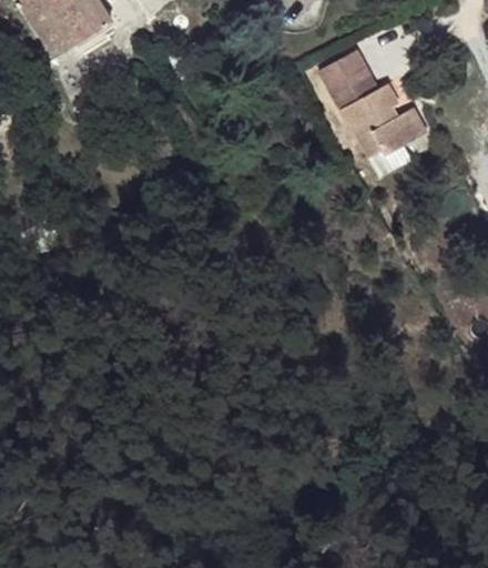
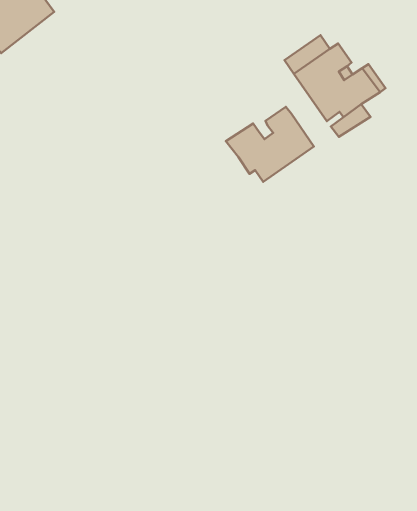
building: [318,48,369,93] -> none
building: none -> [226,107,314,182]

